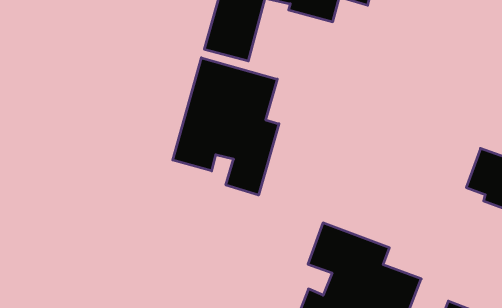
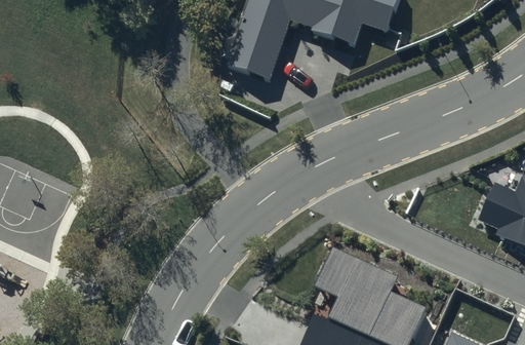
building: [173,58,279,195] -> none

